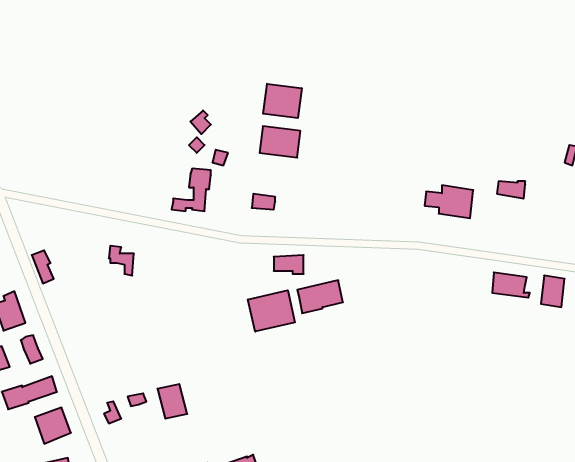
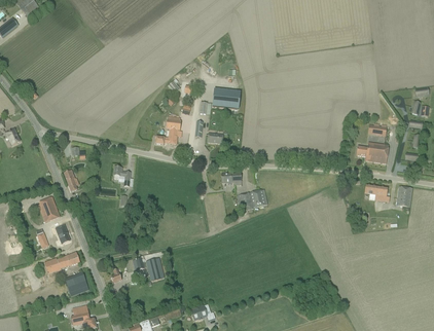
building: [263,84,302,118] -> none
building: [425,185,473,218] -> [356,141,388,162]
building: [248,290,295,332] -> none

